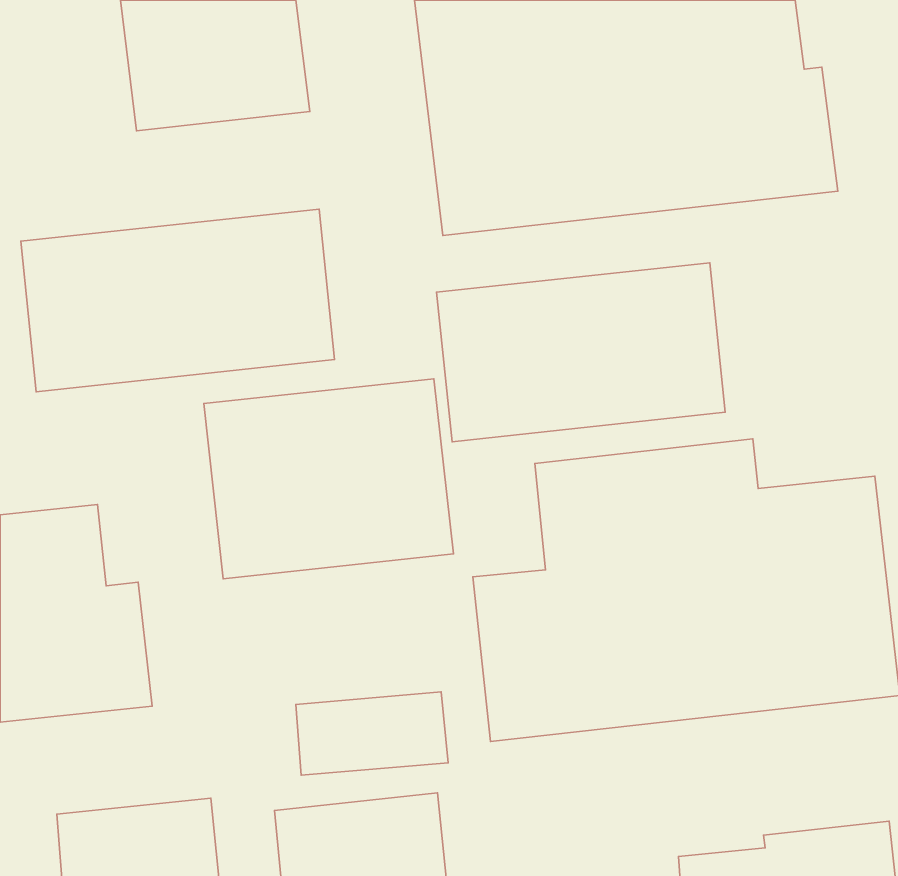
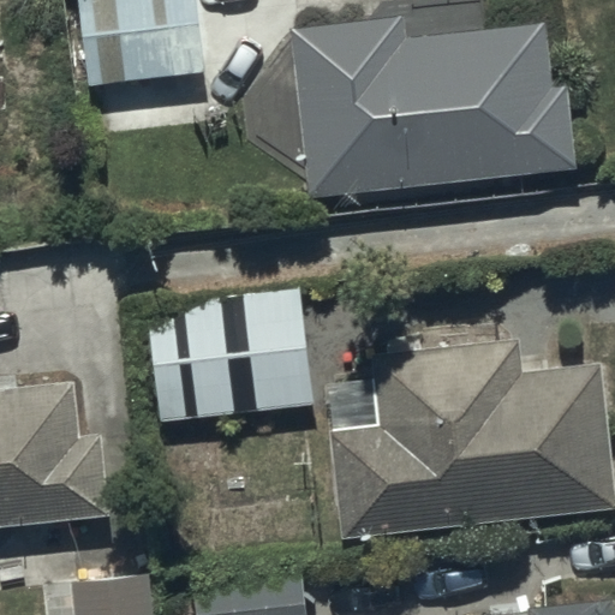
building: [21,209,335,392] -> none
building: [437,263,725,442] -> none

